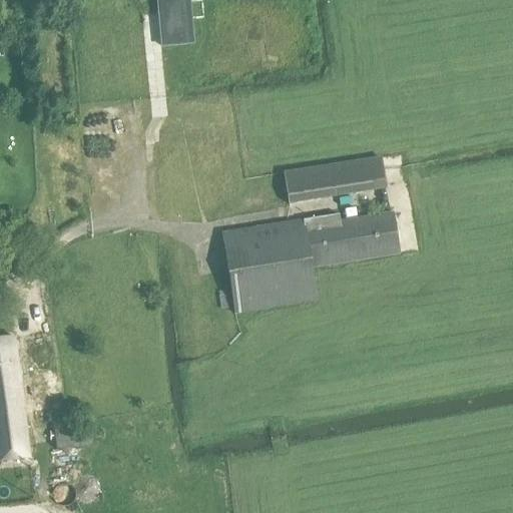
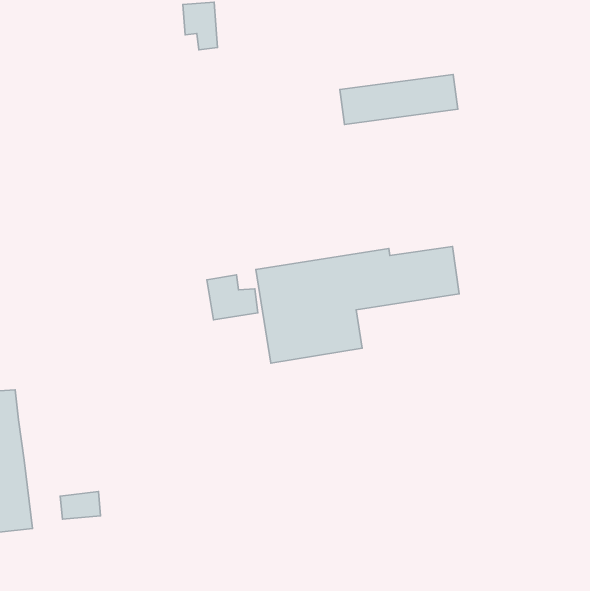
building: [284,152,386,195] -> [340,75,458,124]
building: none -> [207,275,258,320]

